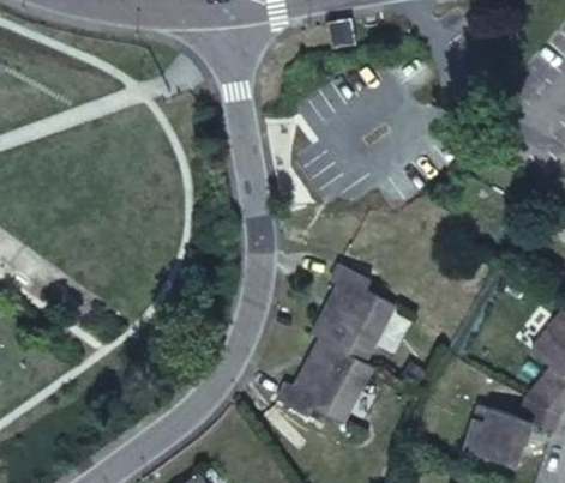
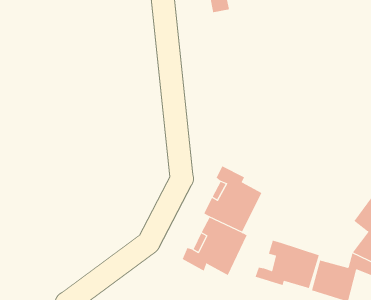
building: none -> [255,240,320,289]

